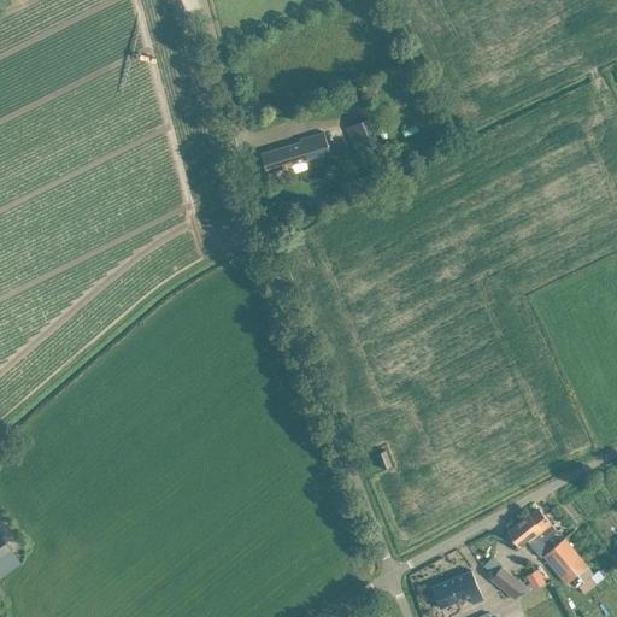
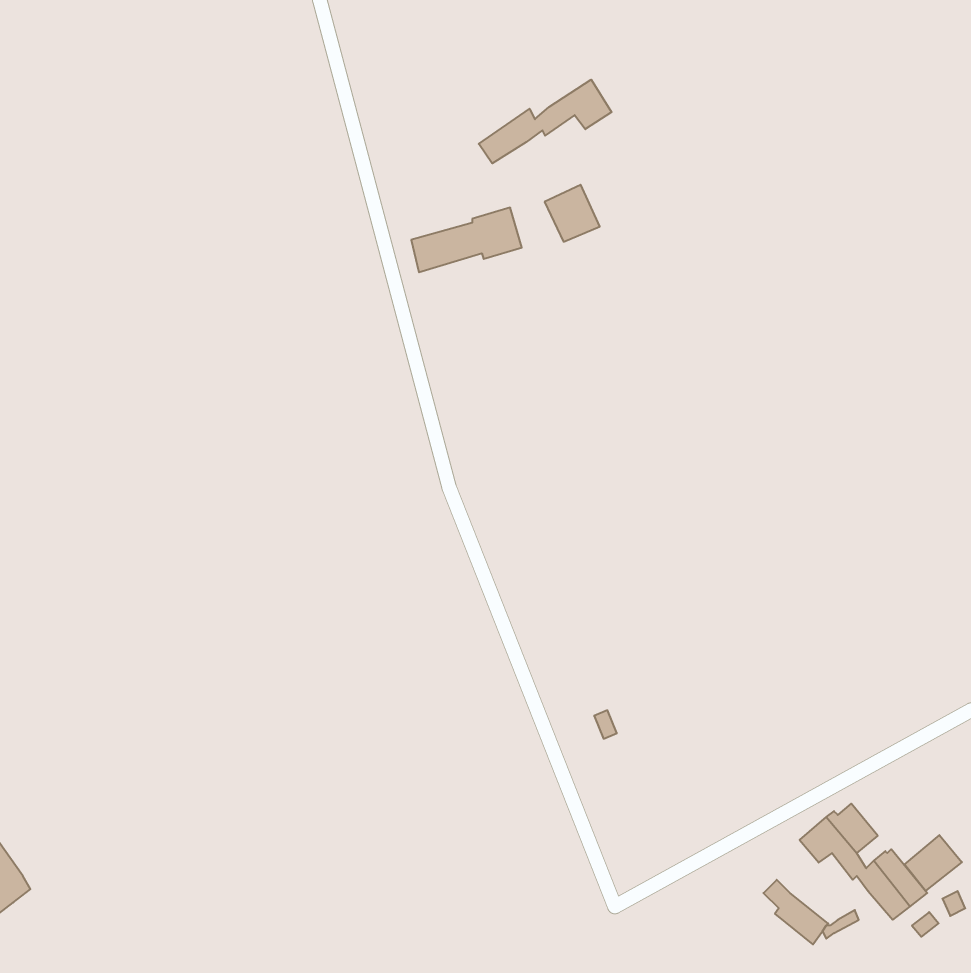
building: none -> [479,80,612,163]
building: none -> [905,835,962,891]
building: [431,570,482,606] -> none

